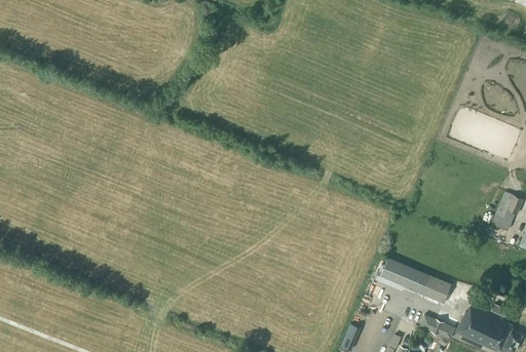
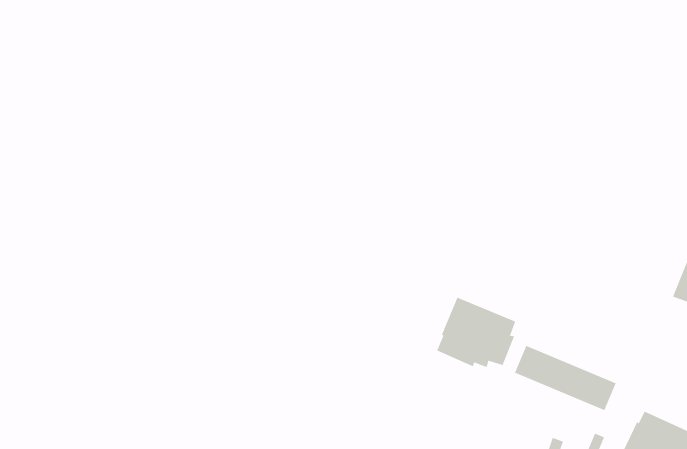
building: none -> [437,297,516,368]

